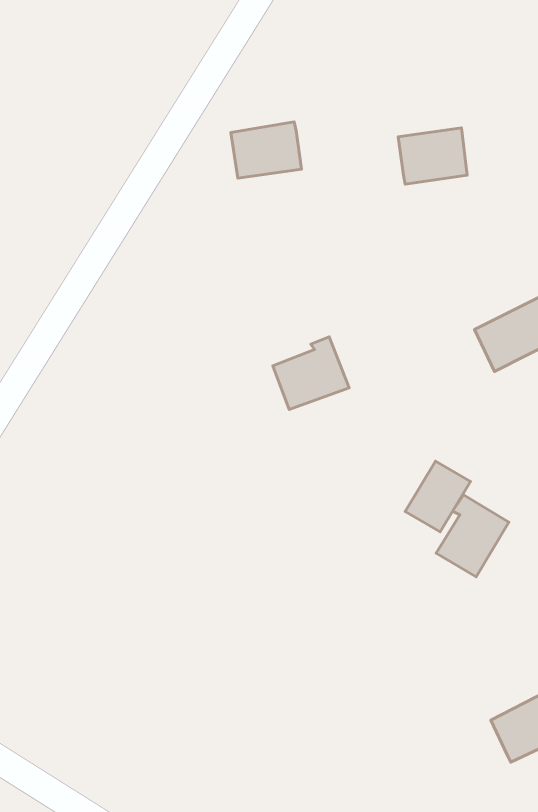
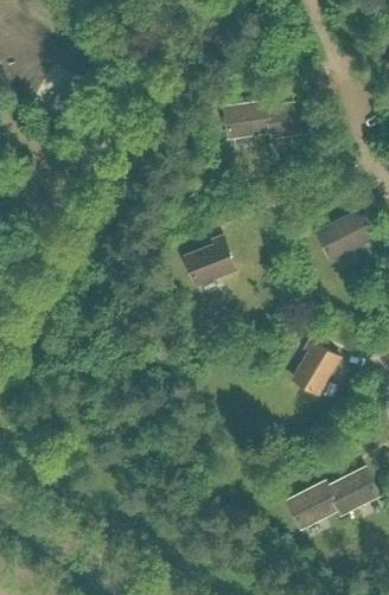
building: [231,122,302,178] -> [225,101,272,137]
building: [405,461,470,532] -> none
building: none -> [288,481,339,527]

